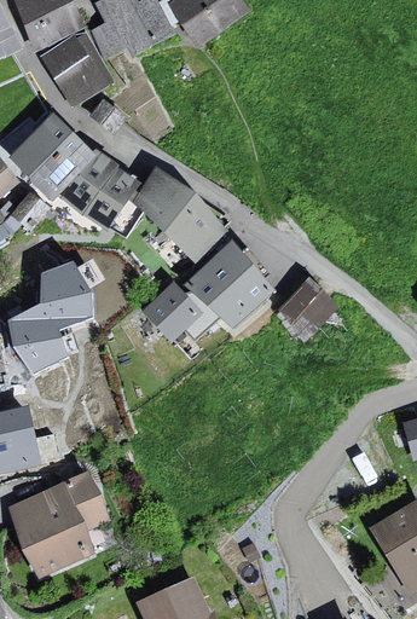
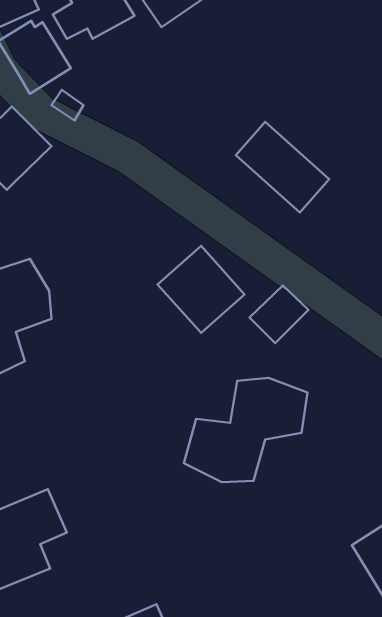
building: [57,154,134,222] -> none
building: [131,172,219,258] -> [236,122,329,213]
building: [146,285,199,340] -> none
building: none -> [184,378,308,482]

